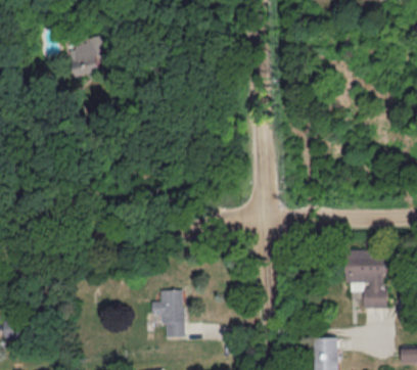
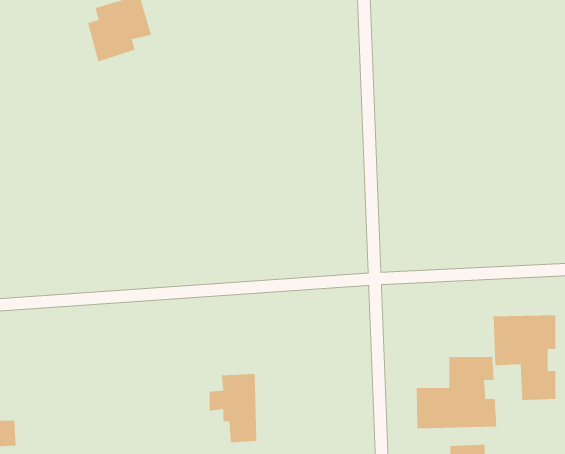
building: none -> [416,356,497,429]

